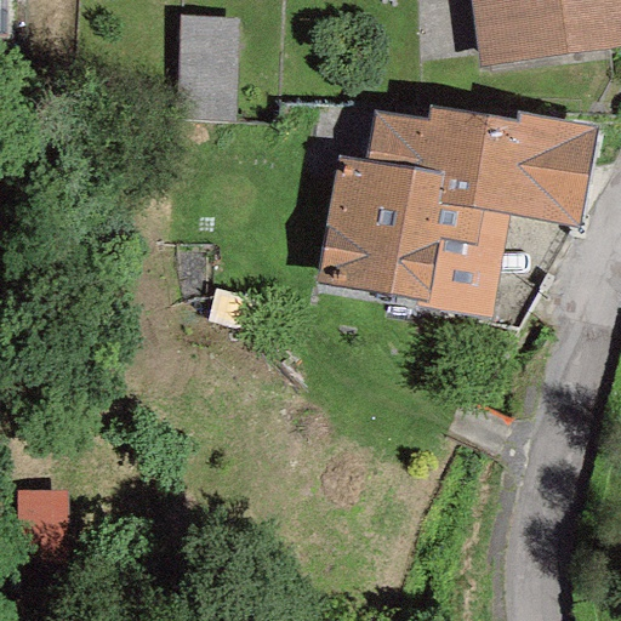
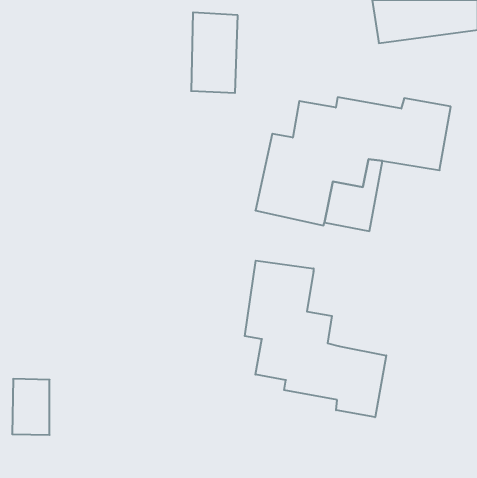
building: [178,17,239,121] -> [191,12,238,93]
building: none -> [245,261,386,417]

